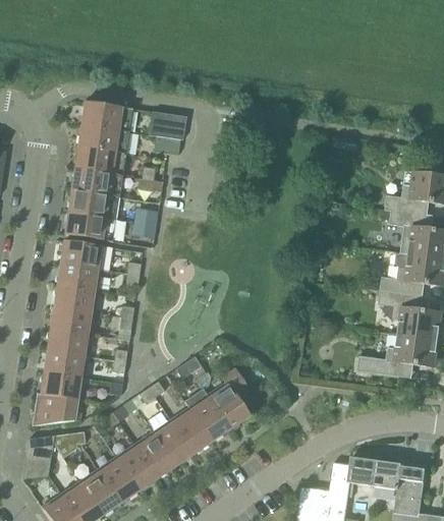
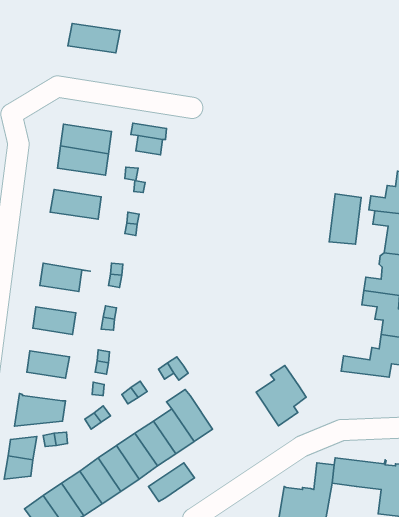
building: [81,102,133,131] -> [68,23,120,53]
building: [72,168,123,196] -> none
building: none -> [329,194,361,244]
building: [65,212,116,241] -> none
building: [61,240,112,271] -> none
building: [54,285,97,312] -> none
building: [48,328,91,356] -> none
building: [208,368,258,428] -> [256,366,306,426]
building: [41,371,84,400] -> none
building: none -> [148,463,194,502]

